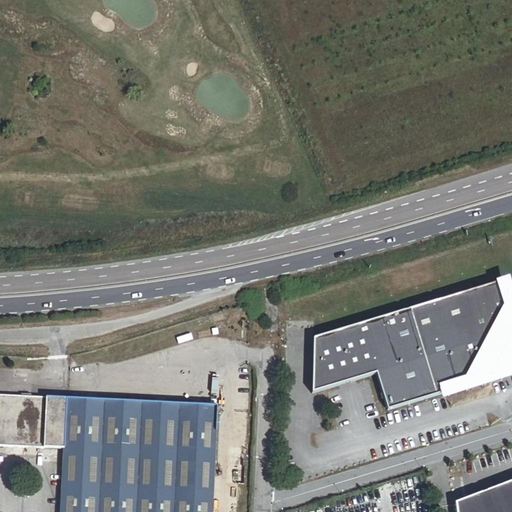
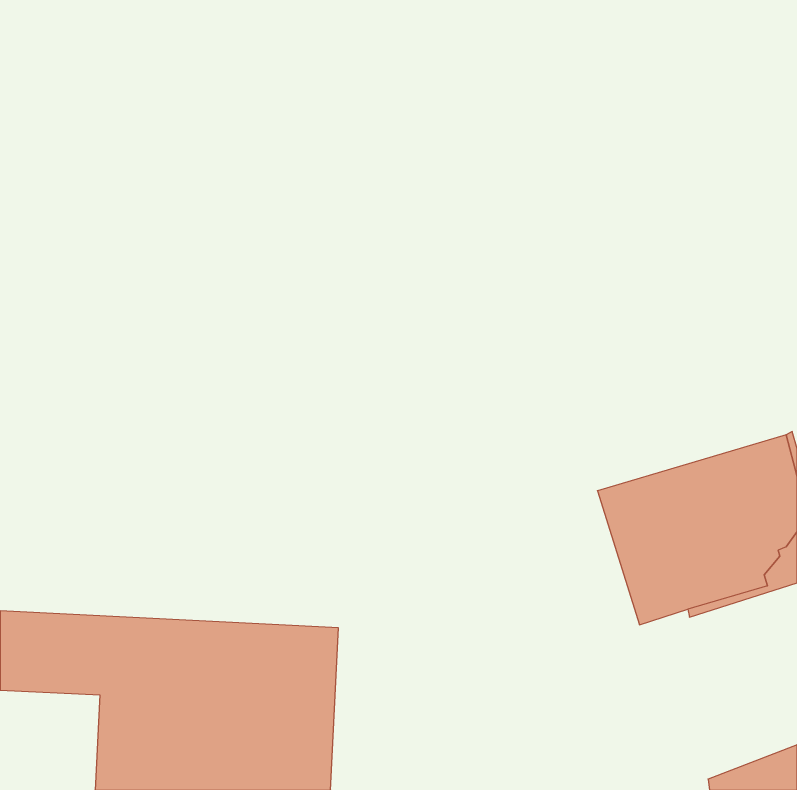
building: [311,315,410,408] -> none

